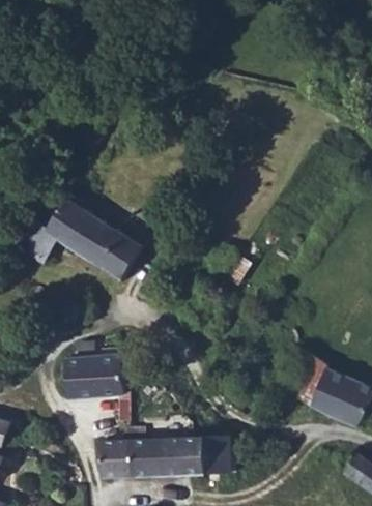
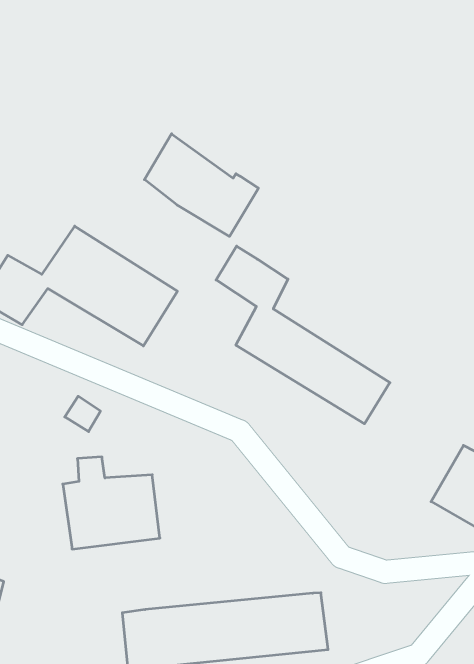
building: none -> [144,134,258,236]
building: none -> [216,246,390,424]

